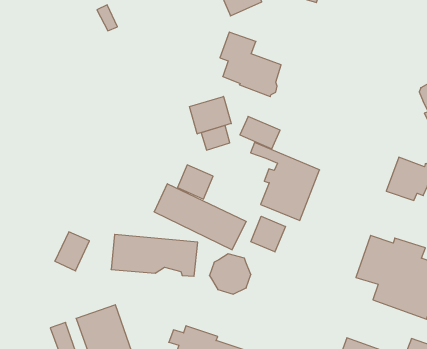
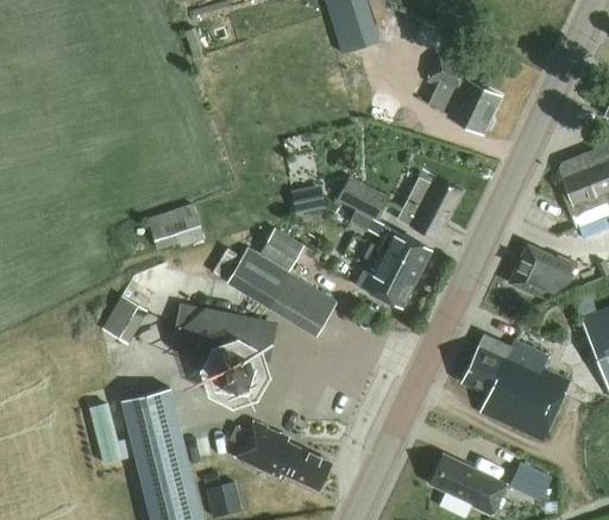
building: [220,32,281,97] -> [427,51,500,133]
building: [189,96,231,134] -> none
building: none -> [396,169,463,245]
building: none -> [147,203,203,251]
building: [251,216,285,252] -> none
building: [209,254,251,294] -> [208,349,258,397]

